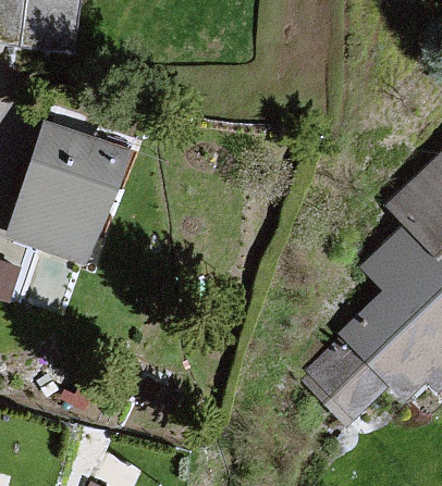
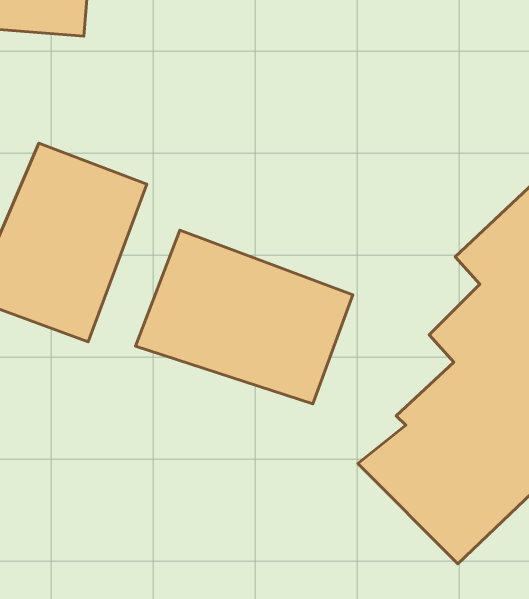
building: none -> [135,230,353,404]

